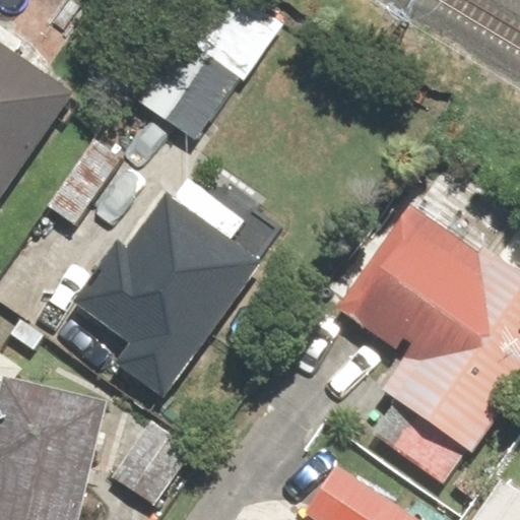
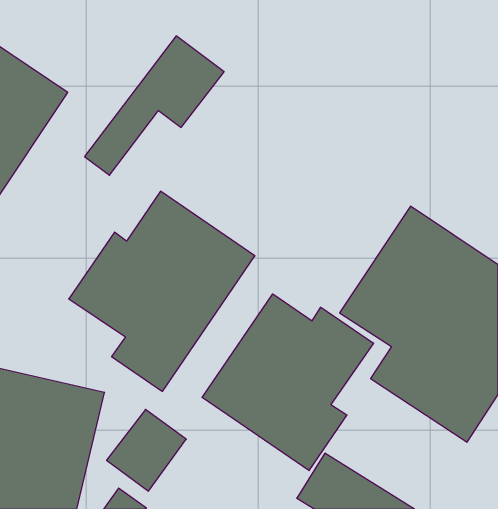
building: none -> [202,294,374,471]

